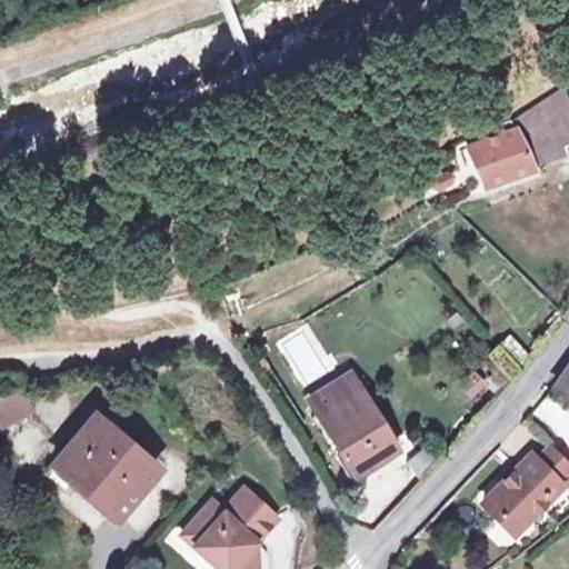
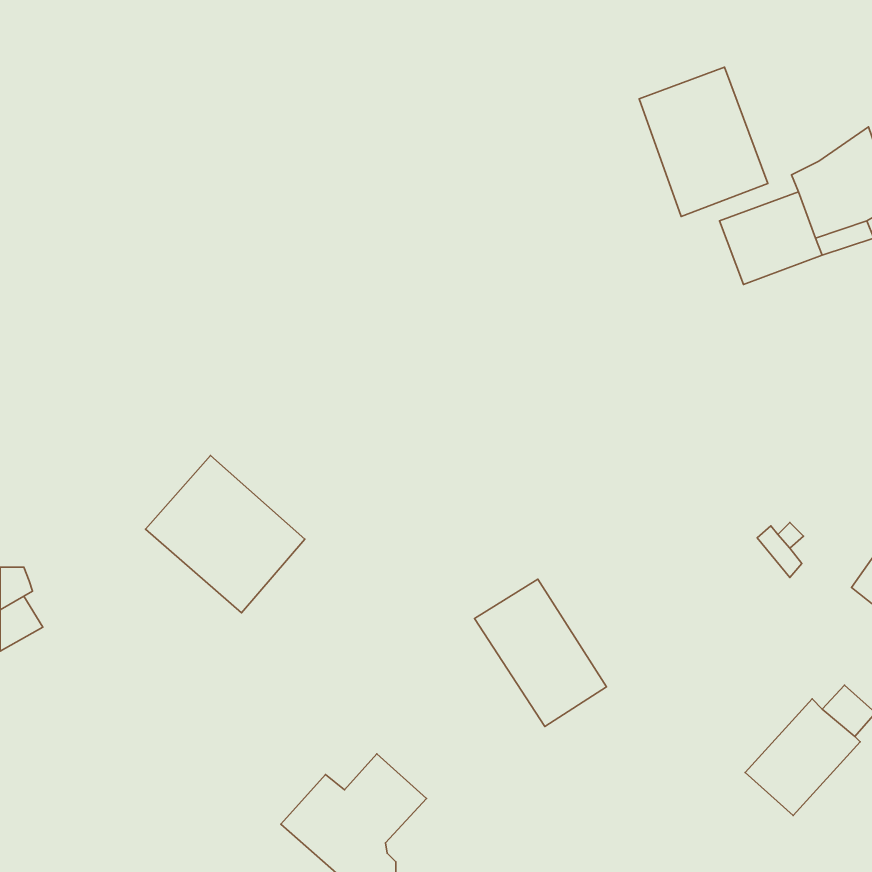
building: none -> [639,67,768,216]
building: [57,416,160,518] -> [145,455,305,613]

